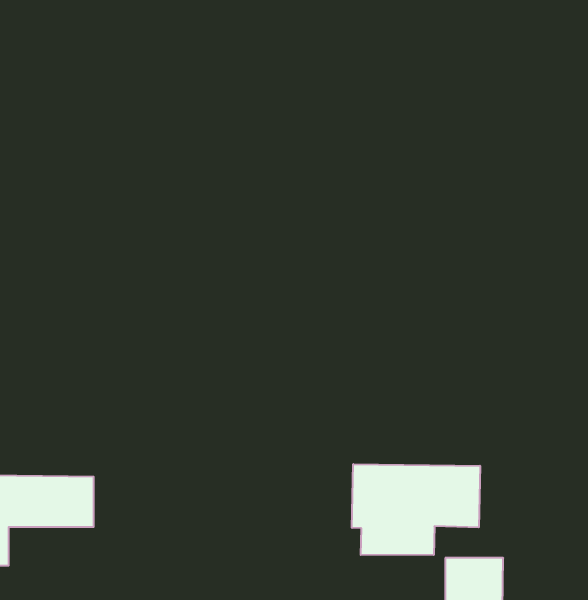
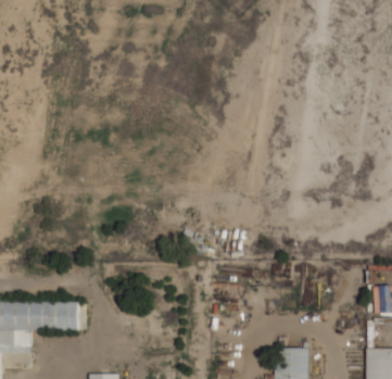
building: [352,464,480,555] -> none

